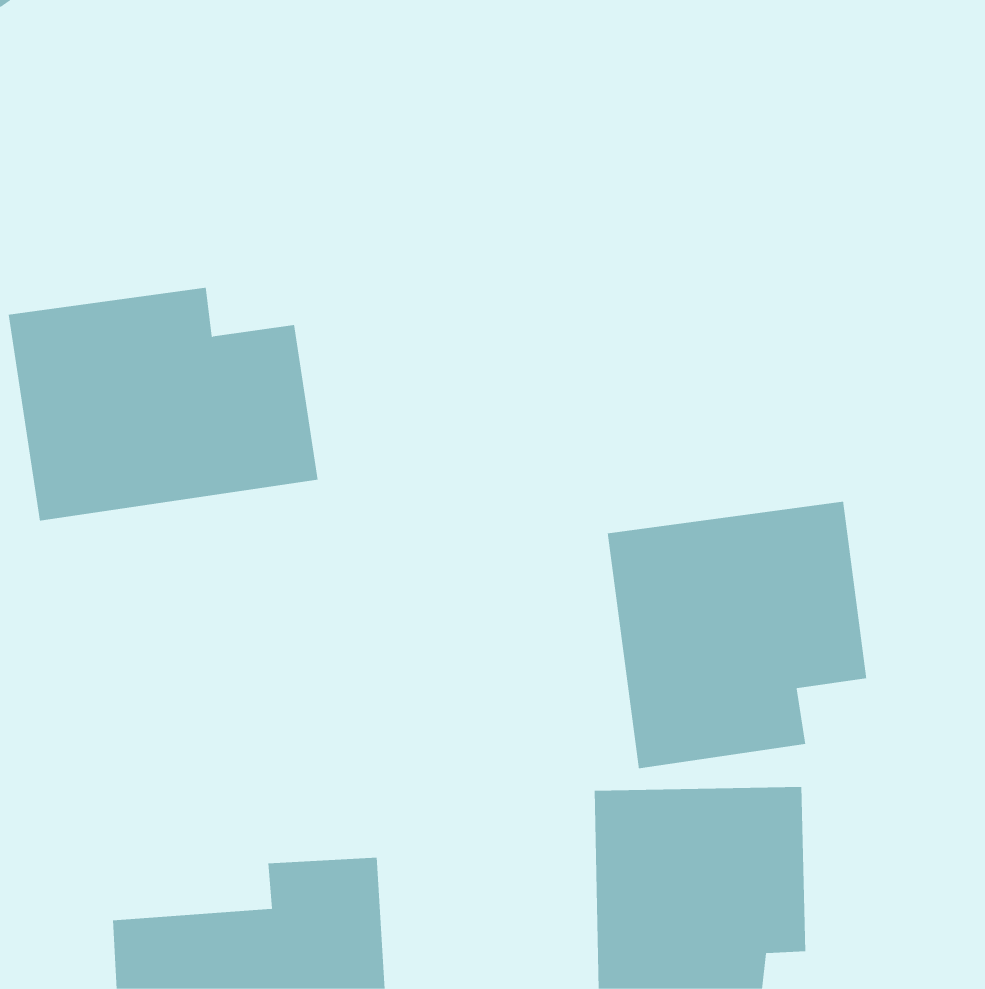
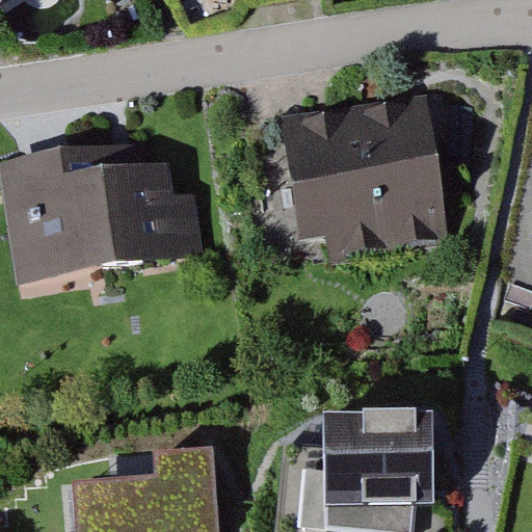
building: none -> [298,109,454,257]
building: [607,501,867,769] -> none

